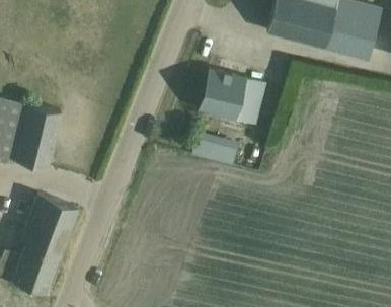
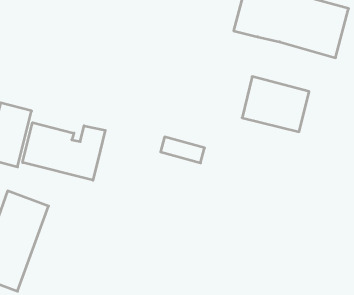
building: [199,69,266,125] -> [242,77,309,132]
building: none -> [23,123,105,180]

